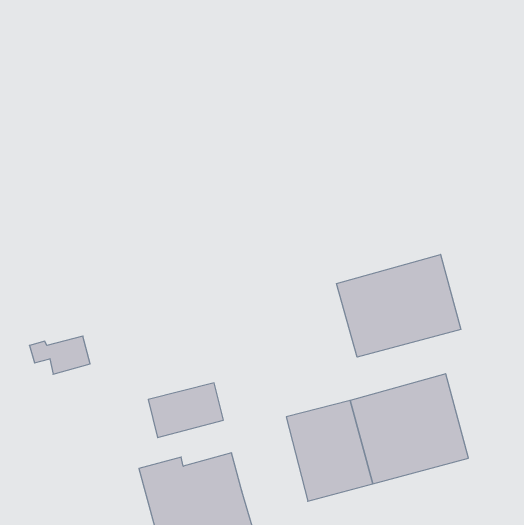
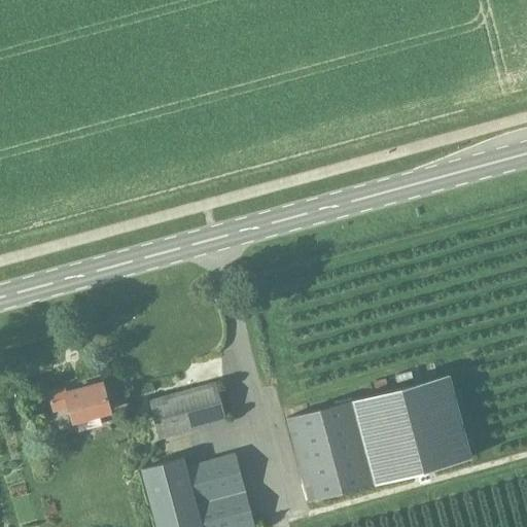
building: [337,254,461,357] -> none
building: [29,336,90,374] -> [49,384,110,422]

